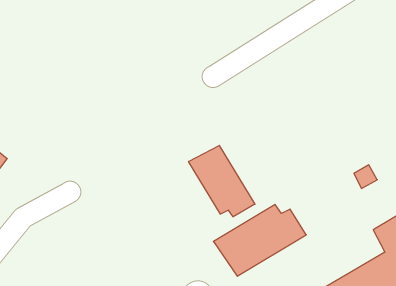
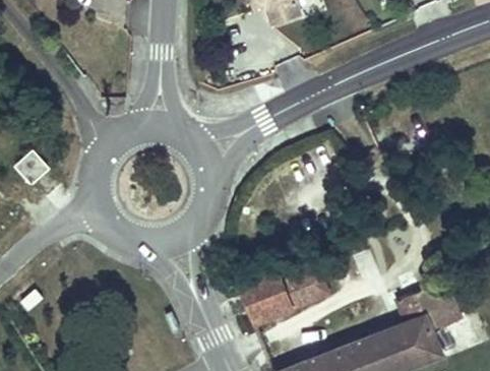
building: [189,145,255,217] -> none

